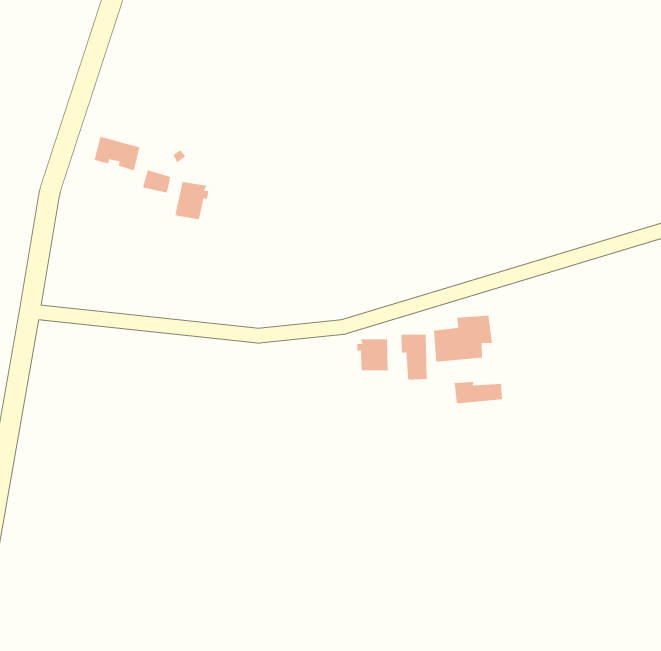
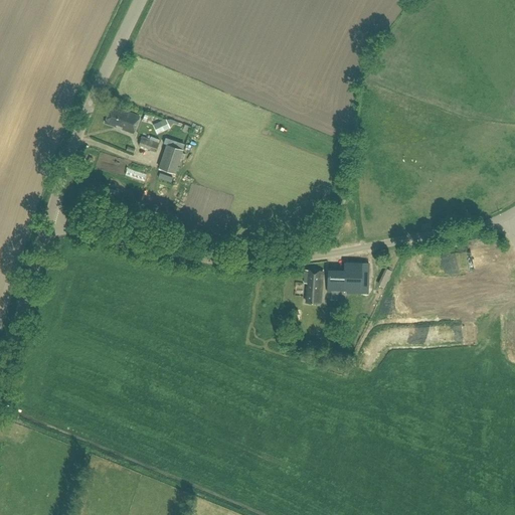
building: [357,338,388,371] -> none
building: [454,381,503,404] -> none

